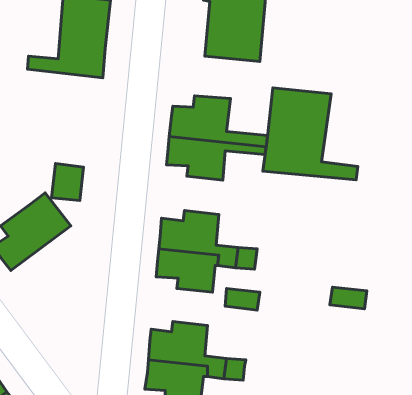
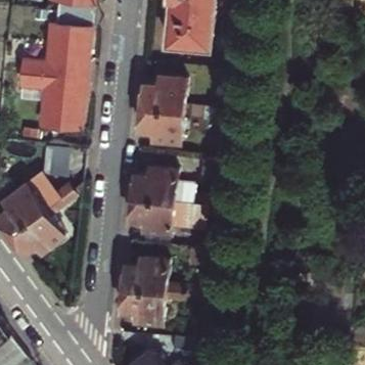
building: none -> [22,70,84,127]
building: [263,88,358,180] -> none
building: none -> [10,188,73,249]

